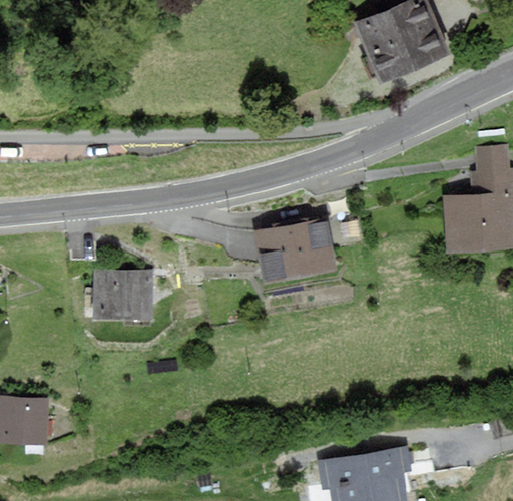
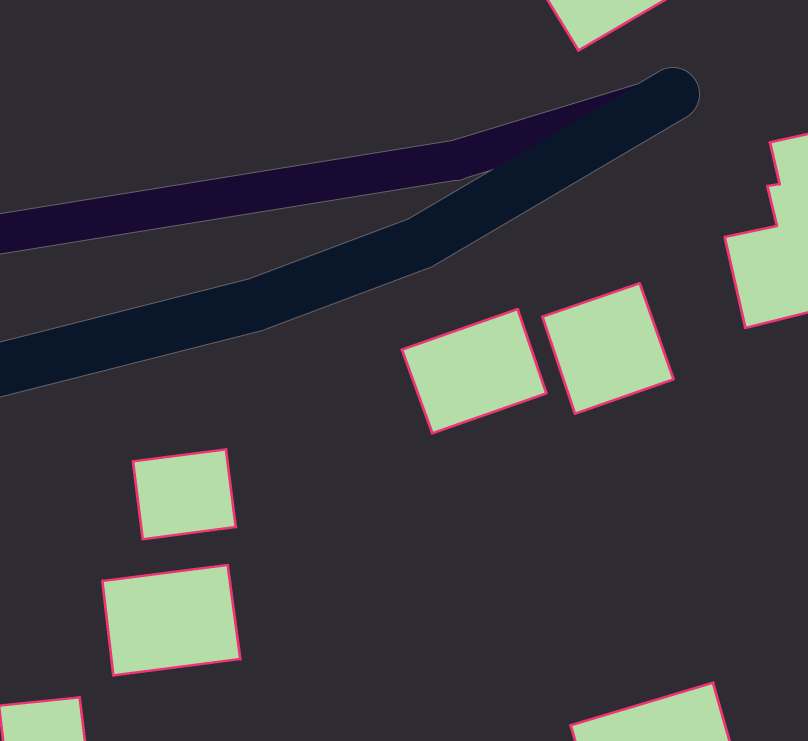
building: none -> [542,283,673,414]
building: none -> [103,565,240,676]

